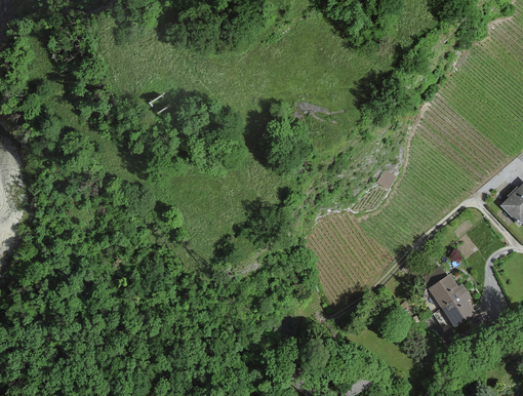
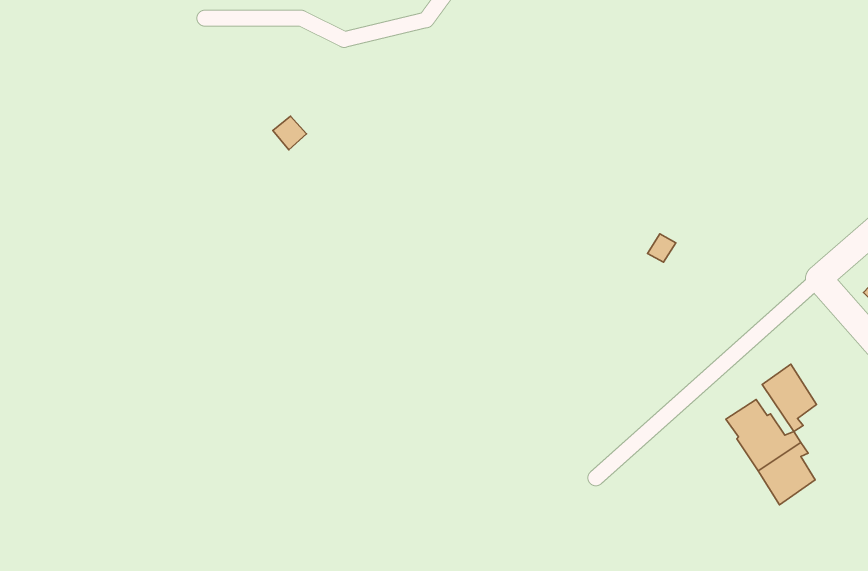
building: none -> [762,364,817,432]

